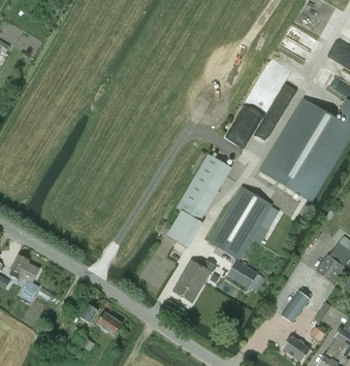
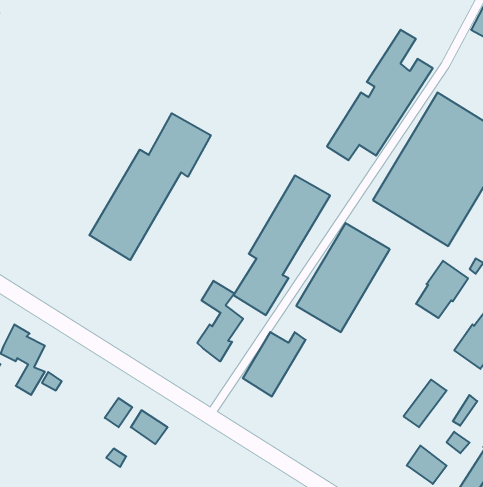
building: none -> [89,113,211,260]
building: none -> [416,261,468,318]
building: none -> [197,281,243,361]
building: [227,260,257,287] -> none

